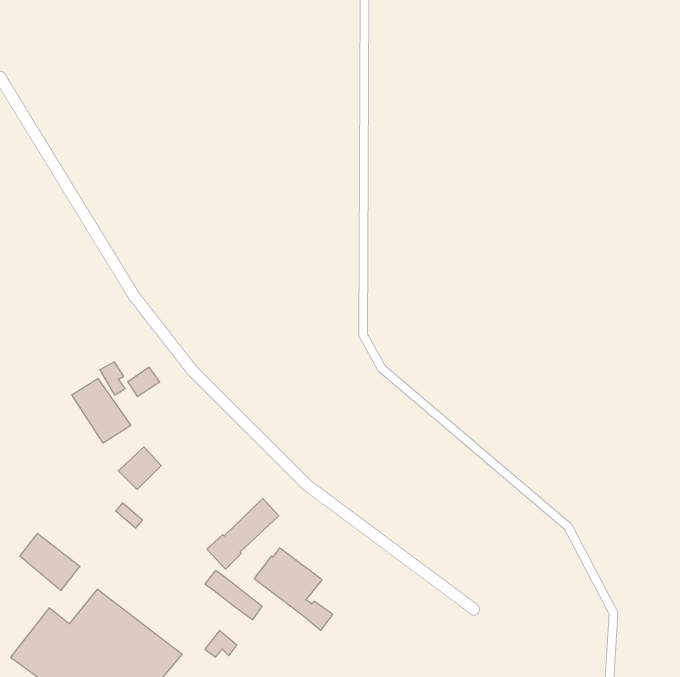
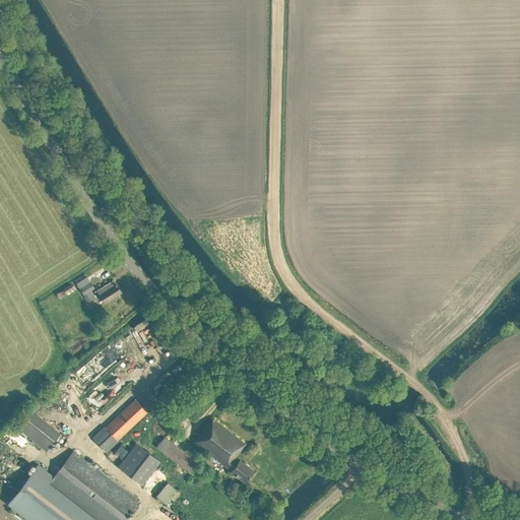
building: [72,378,131,443] -> none
building: [207,499,279,569] -> [92,400,147,454]
building: none -> [119,444,160,486]

